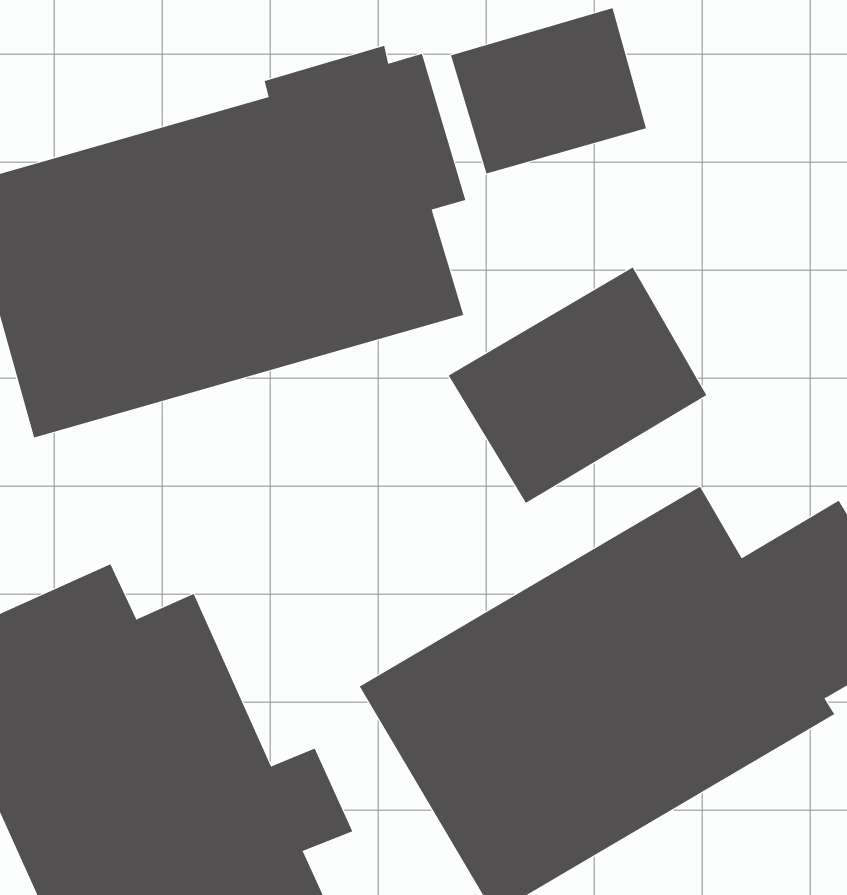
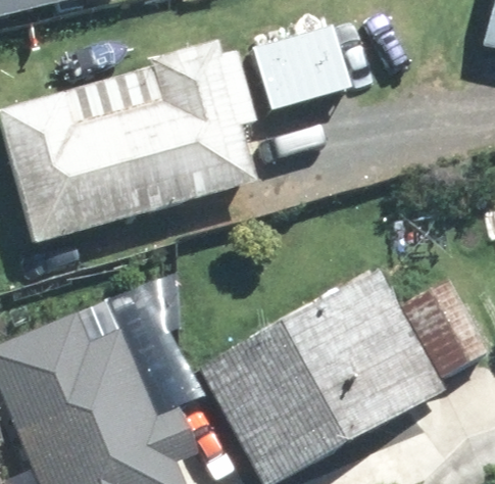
building: [448,267,707,504] -> none

